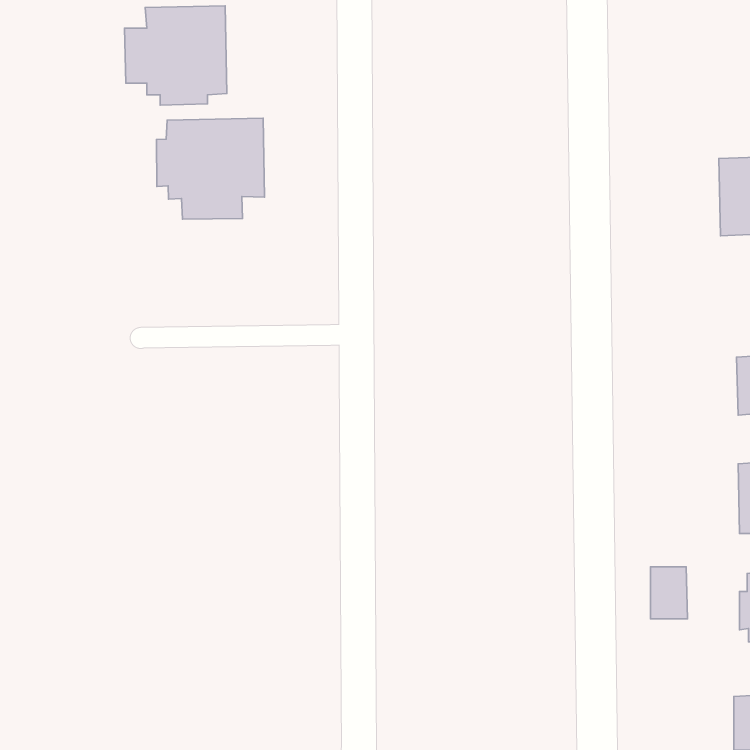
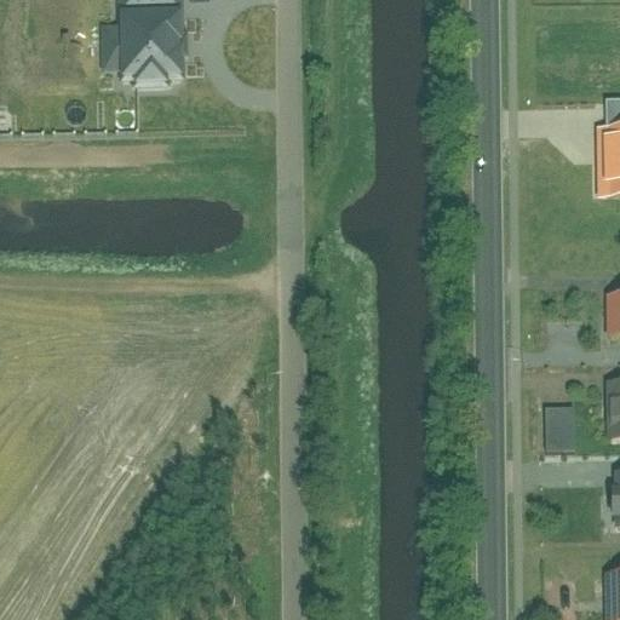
building: [157,118,265,219] -> none
building: [651,567,688,619] -> [545,406,575,448]

